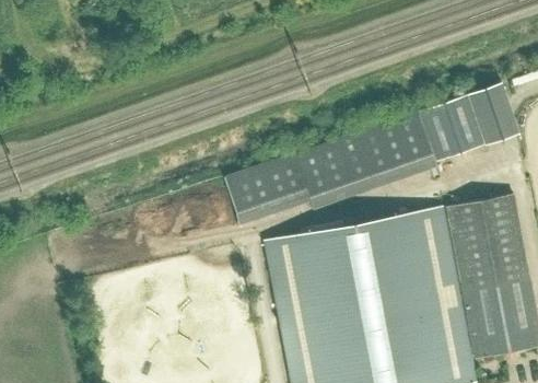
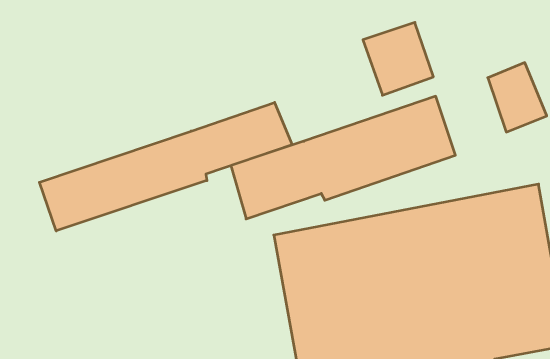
building: [418,92,484,161] -> [363,22,433,95]
building: none -> [39,102,292,231]

